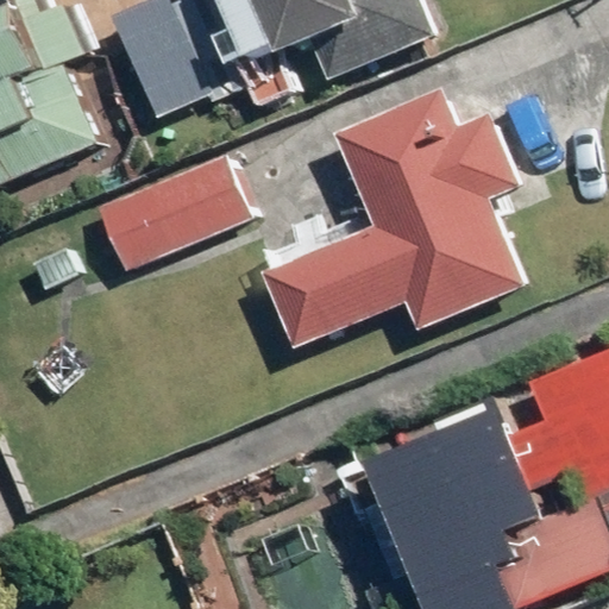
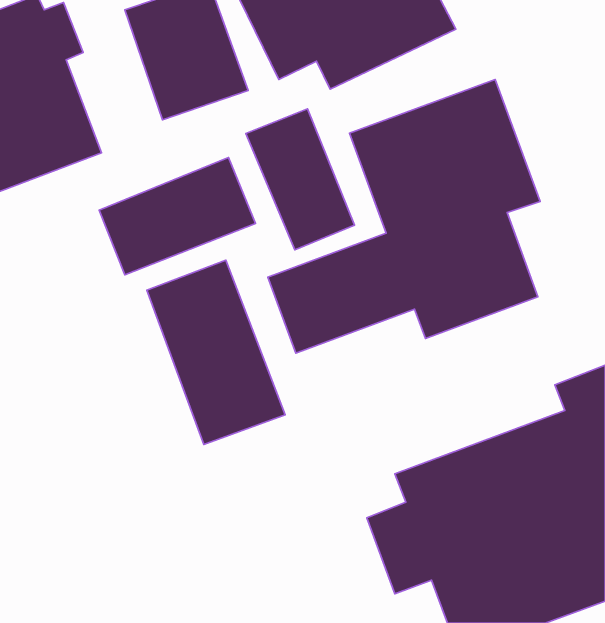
building: none -> [246,109,355,250]
building: none -> [147,260,285,445]

